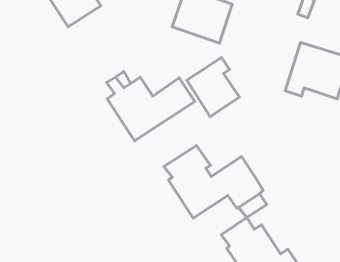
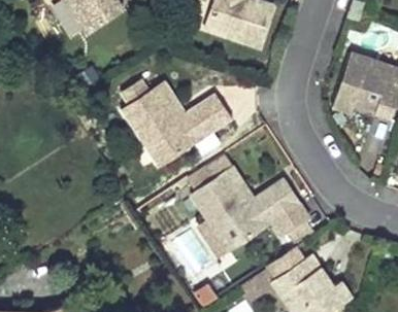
building: [187,58,239,117] -> none

